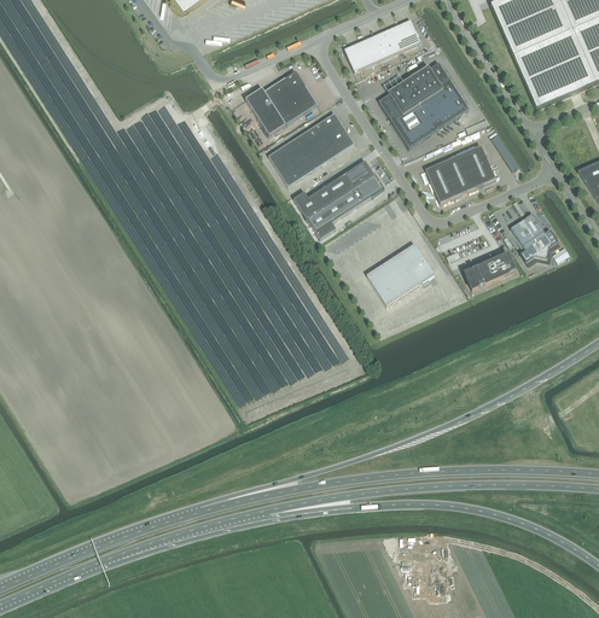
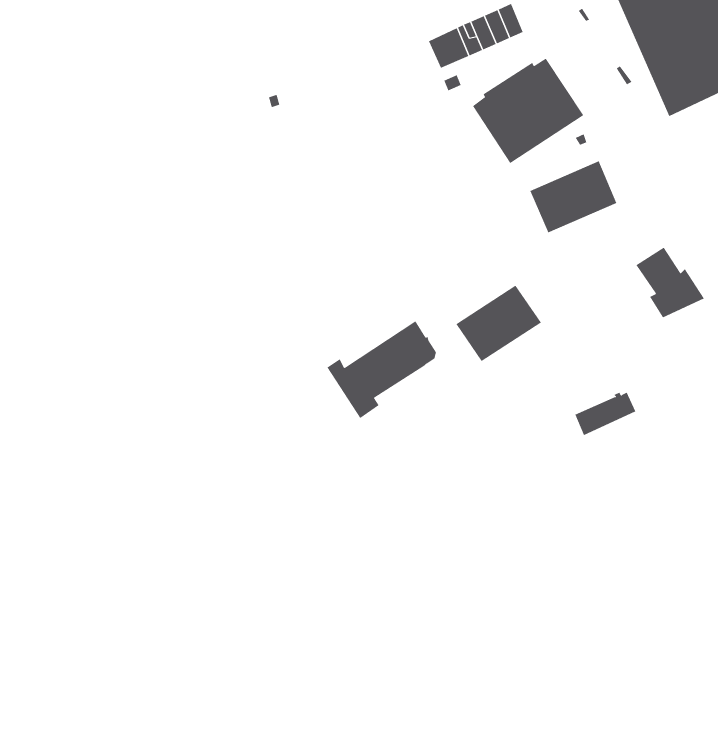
building: [245,70,318,134] -> none
building: [268,112,354,185] -> none
building: [293,159,382,238] -> [326,321,437,419]
building: [465,253,514,288] -> [574,392,636,436]

